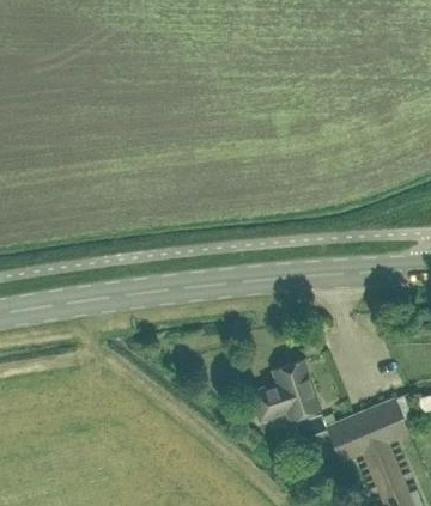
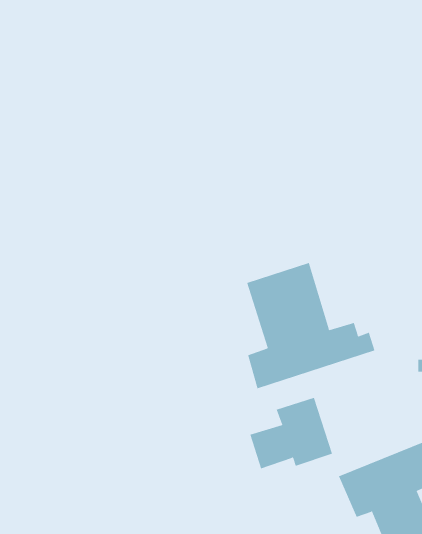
building: none -> [246,262,375,389]

